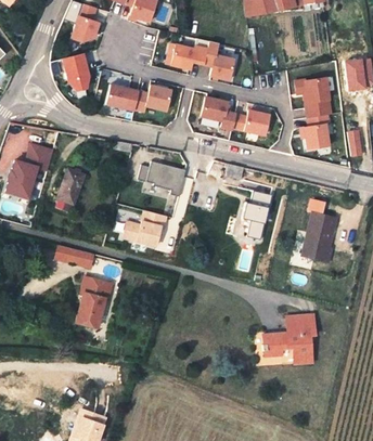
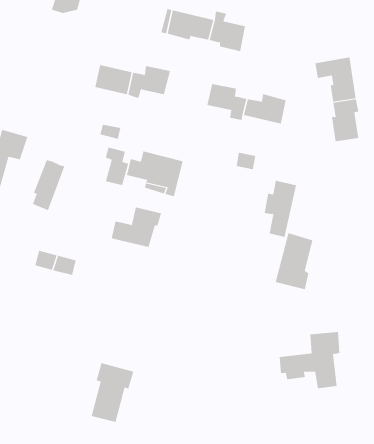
building: [61,55,87,92] -> none
building: none -> [105,147,129,186]
building: [304,212,336,261] -> [275,233,313,290]
building: [75,275,112,326] -> [91,363,134,422]

